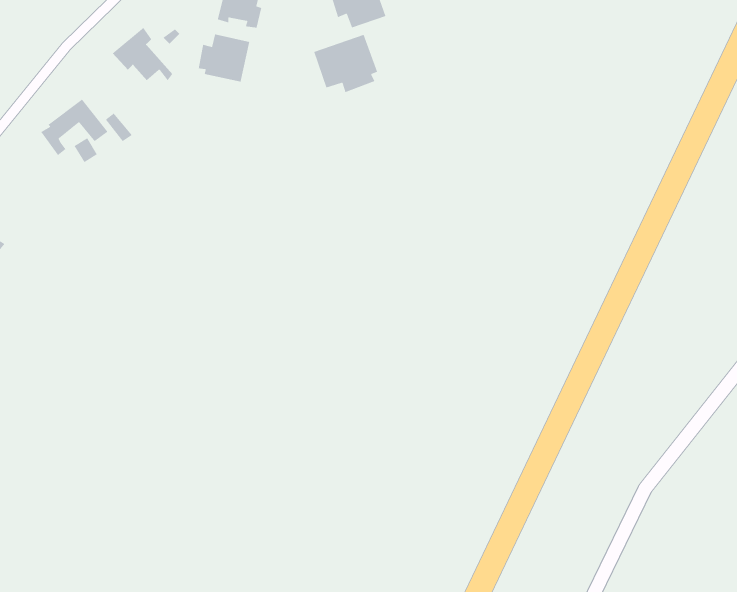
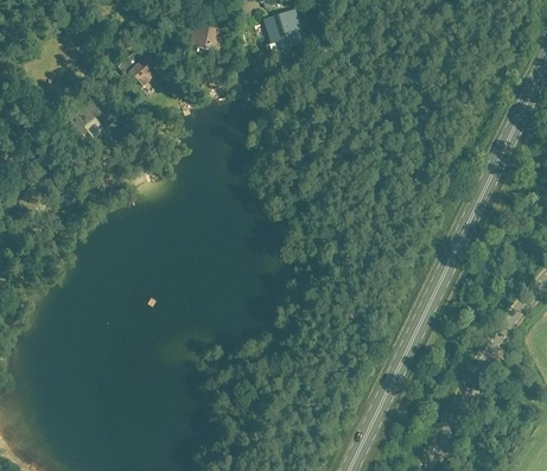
building: [198,34,250,82] -> none
building: [313,34,378,93] -> none

